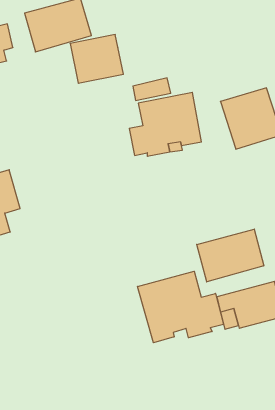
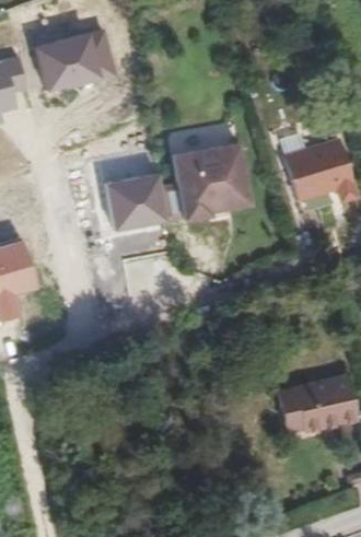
building: [70,35,123,83] -> [107,172,172,231]
building: [197,229,264,282] -> none
building: [138,271,224,343] -> none

